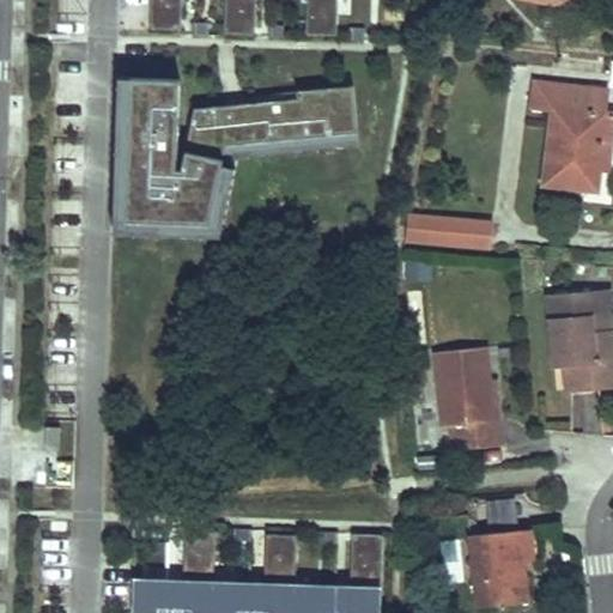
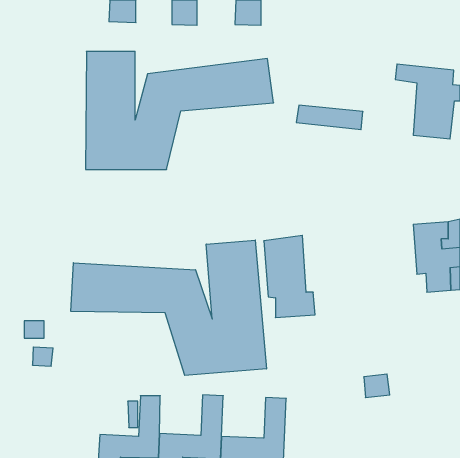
building: [407,220,496,253] -> [296,105,363,130]
building: none -> [71,240,266,375]
building: [435,338,503,447] -> [264,235,315,318]
building: [457,532,526,607] -> none

